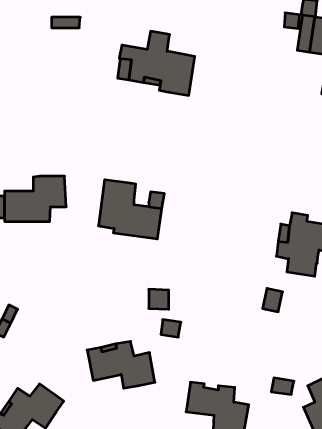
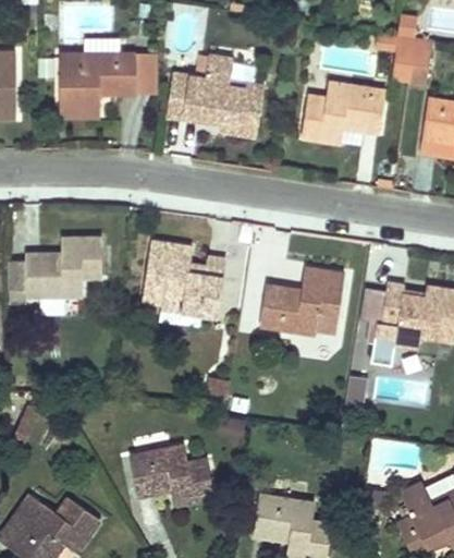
building: none -> [60,53,136,116]
building: none -> [300,82,385,143]
building: none -> [259,267,344,335]

